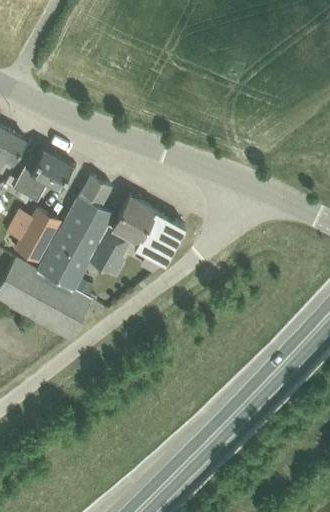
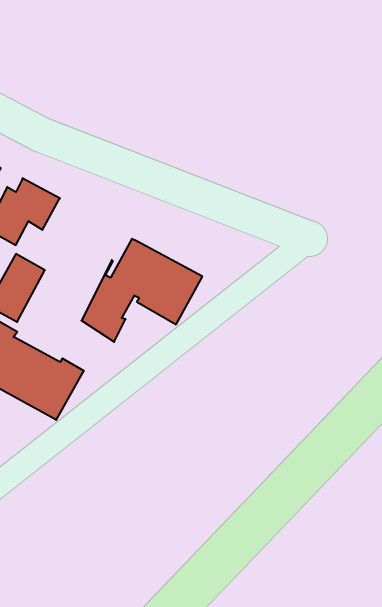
building: [36,175,114,294] -> none

